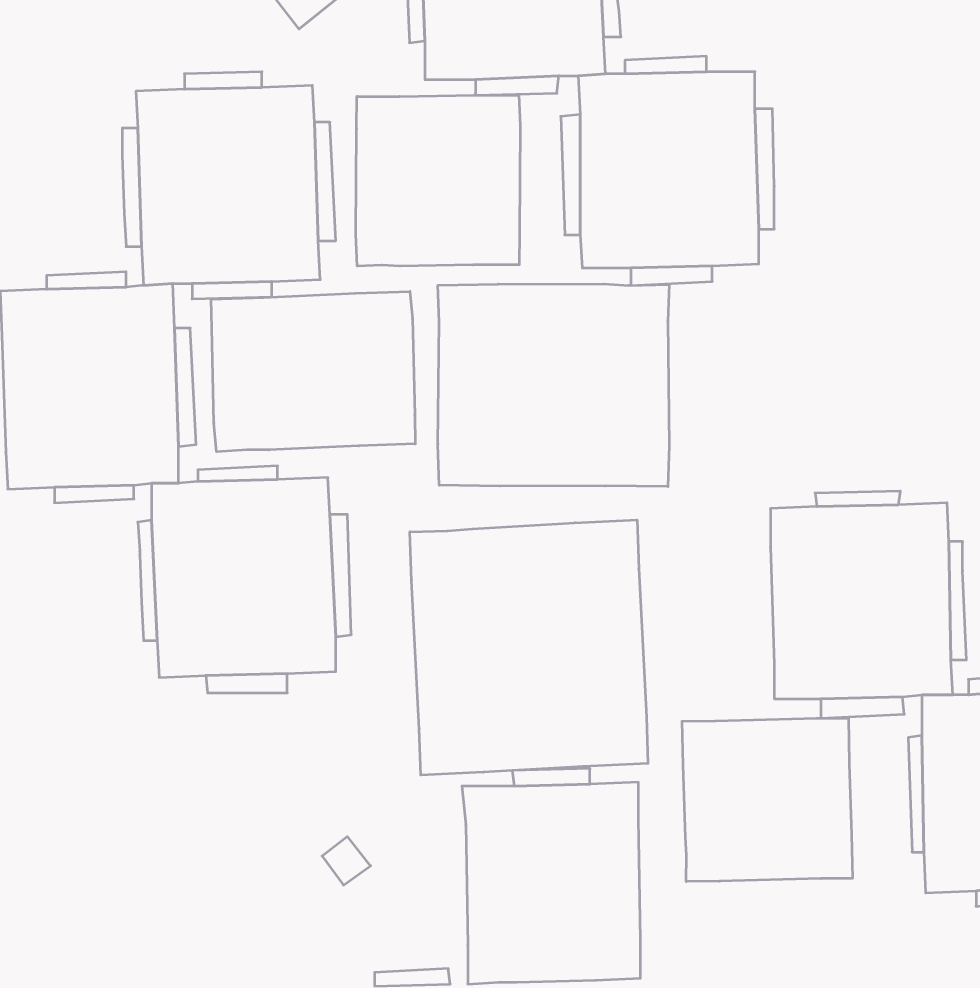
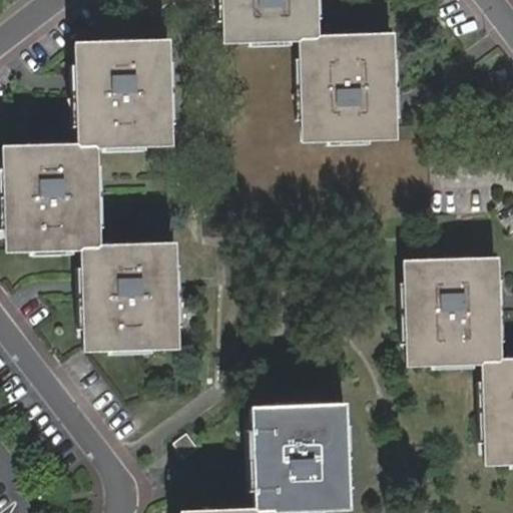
building: [356,95,520,266] -> none
building: [438,284,669,487] -> none
building: [211,291,415,452] -> none
building: [410,520,648,775] -> none
building: [682,718,852,882] -> none

